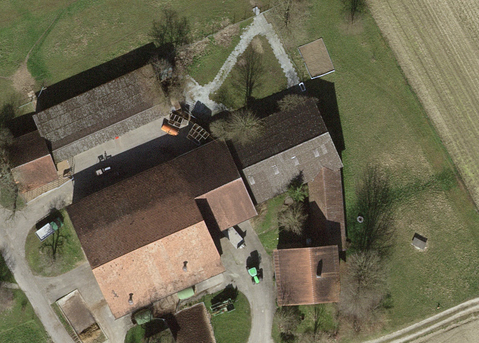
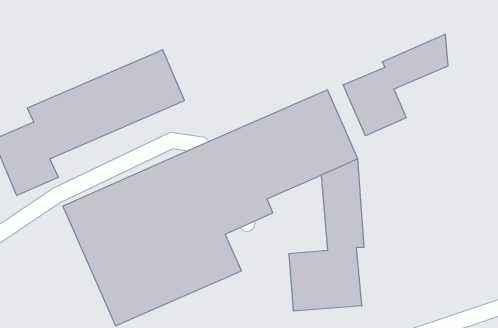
building: none -> [343,34,448,136]

